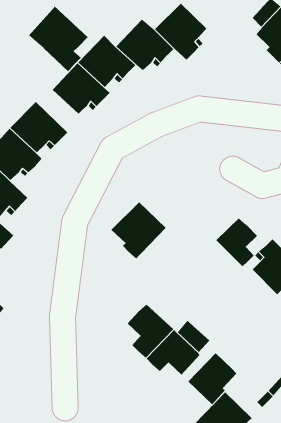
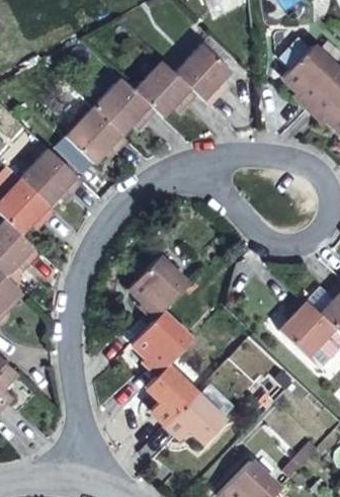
building: [28,6,88,72] -> none
building: [215,218,258,267] -> none
building: none -> [132,312,191,374]
building: [188,353,237,405] -> none

